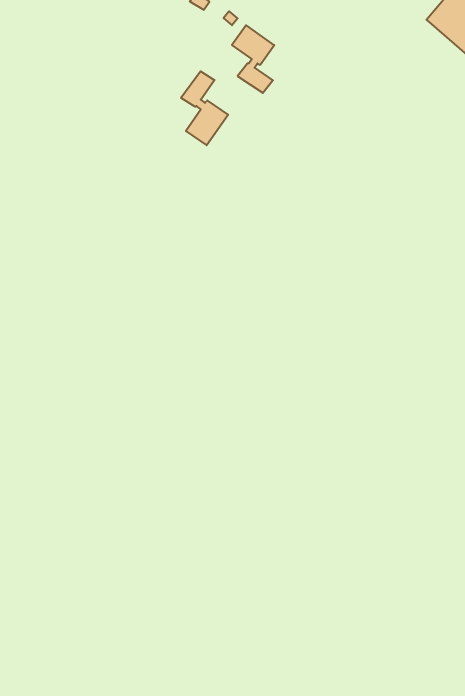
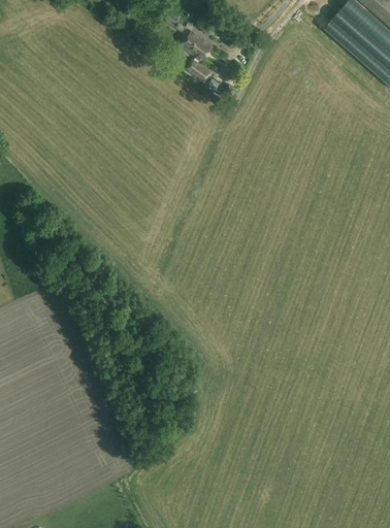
building: [181,71,228,145] -> none

